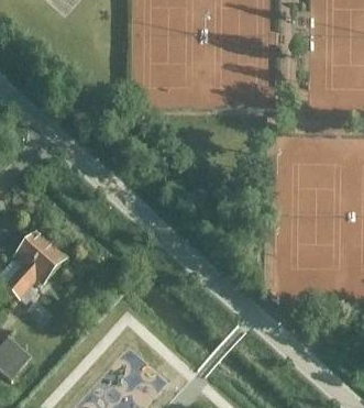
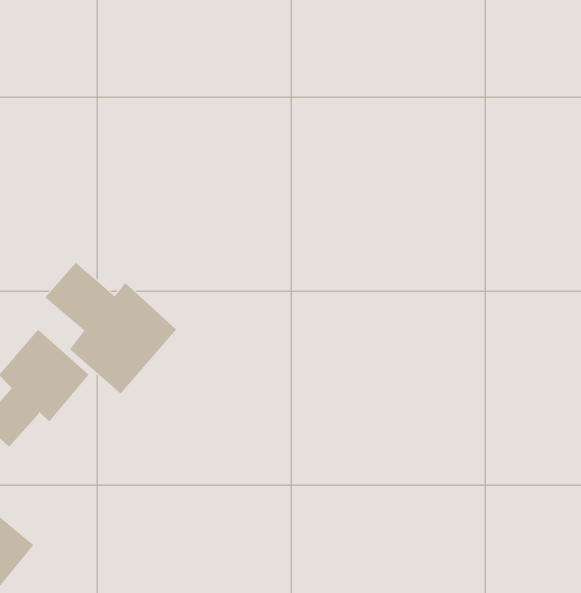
building: none -> [45,262,177,395]

